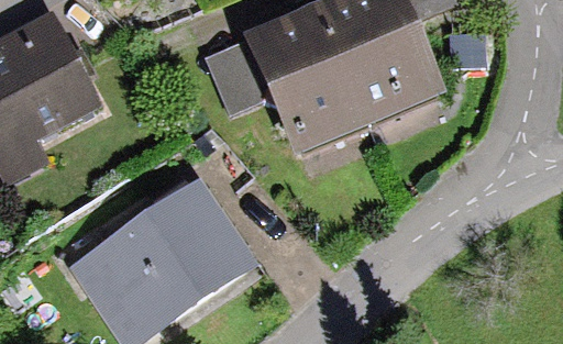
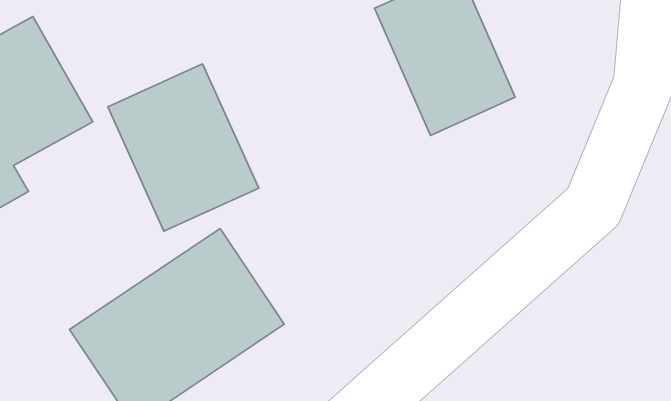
building: [252,12,365,144] -> none
building: none -> [108,64,259,231]

